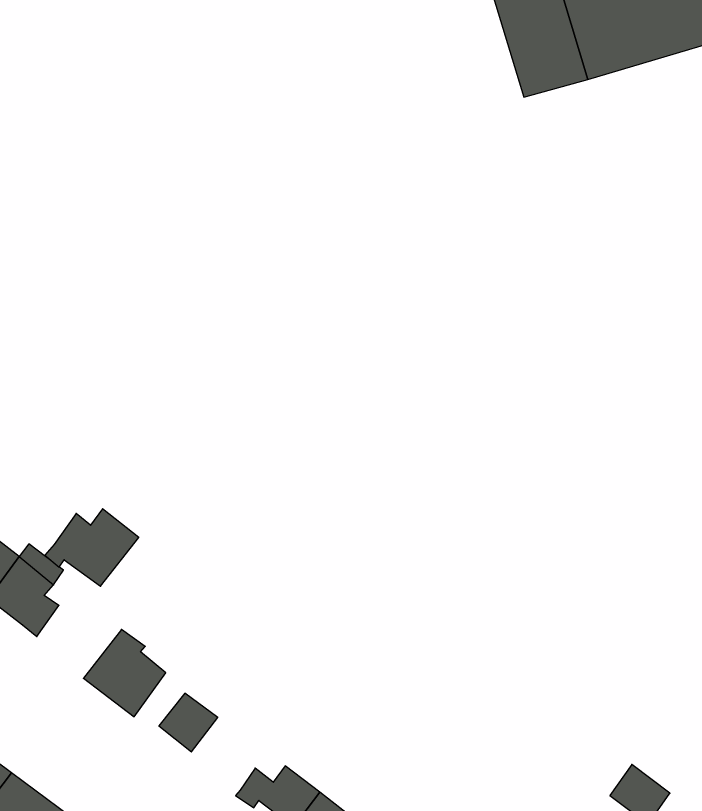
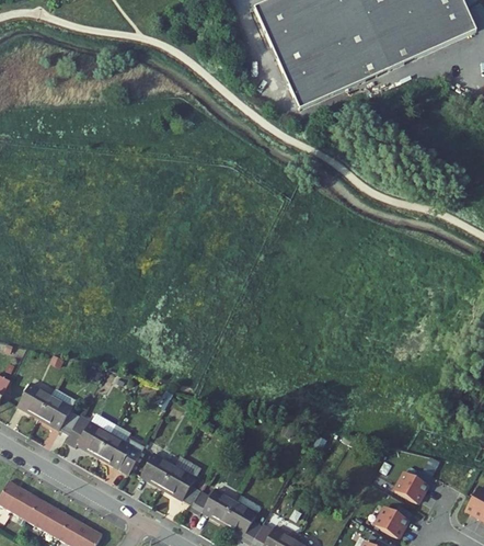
building: [45,509,139,586] -> [66,413,116,456]
building: none -> [163,468,199,507]

